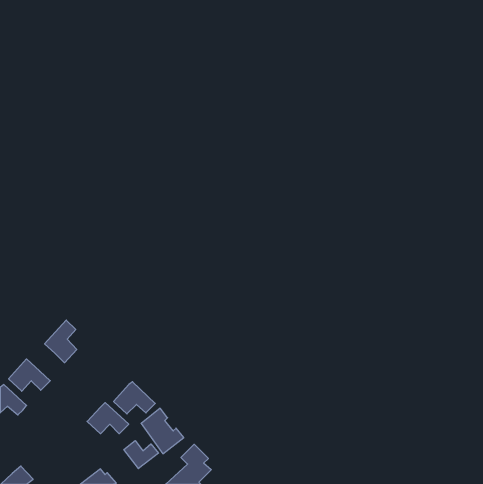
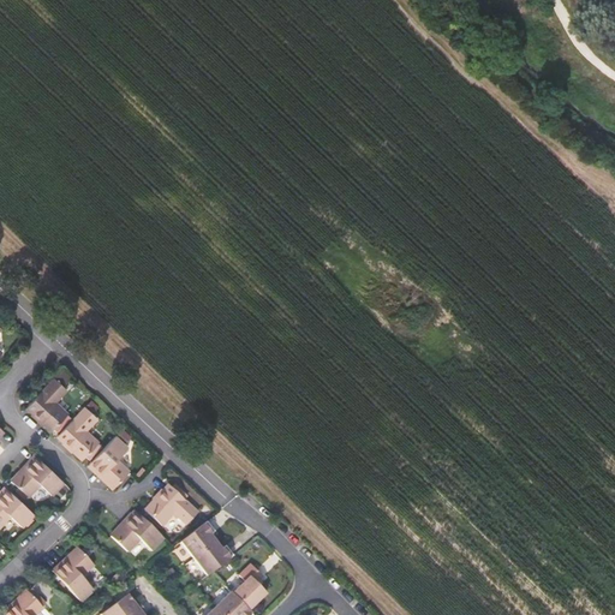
building: none -> [26,377,67,431]
building: none -> [89,435,130,489]
building: none -> [53,548,94,601]
building: [124,441,159,469] -> none

